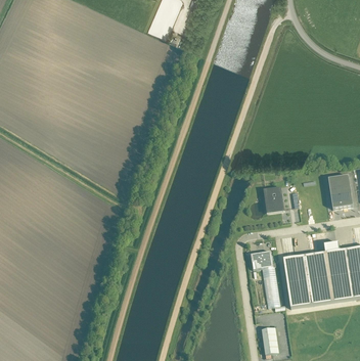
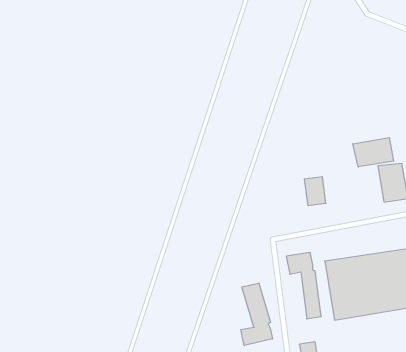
building: none -> [353,138,394,167]
building: none -> [241,283,272,346]

